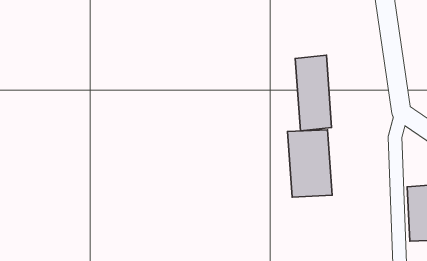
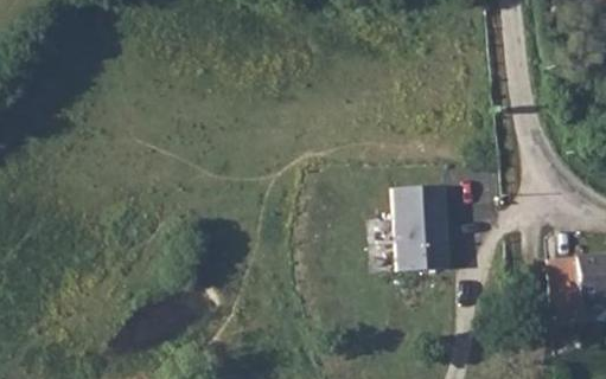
building: [295,55,332,131] -> none

